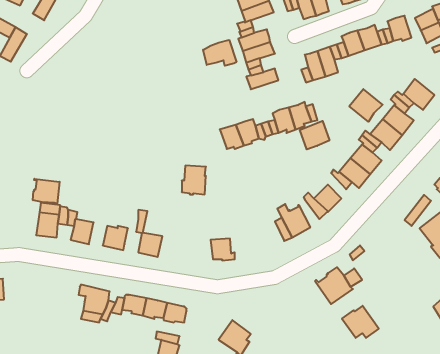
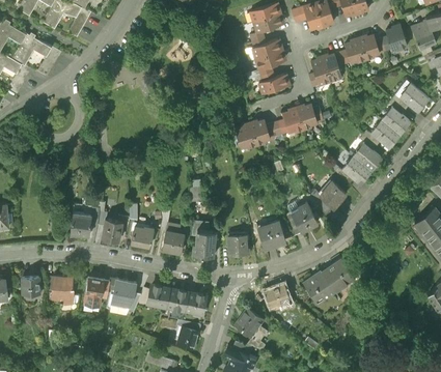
building: [203,40,236,66] -> none
building: [349,89,383,122] -> none
building: [300,121,329,149] -> none
building: [182,166,206,194] -> [193,228,215,254]
building: [33,179,60,204] -> none
building: none -> [257,220,285,248]
building: none -> [51,268,73,295]
building: none -> [84,273,104,301]
building: none -> [265,283,292,306]
building: [342,306,379,338] -> [303,270,336,299]

